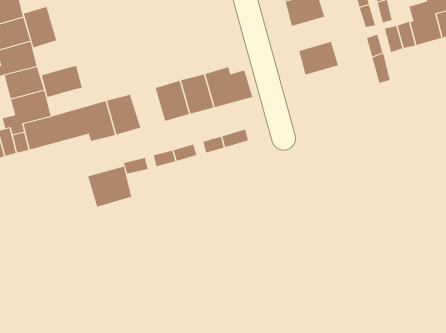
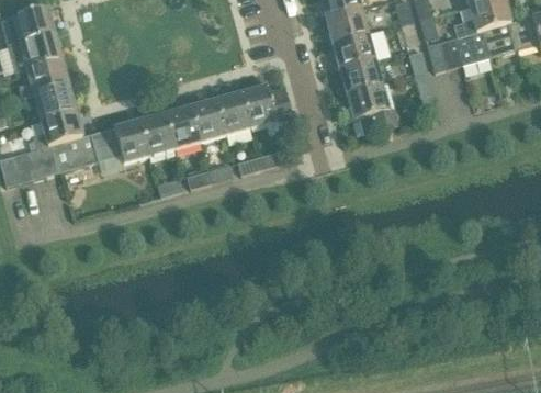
building: [23,6,57,48] -> none
building: none -> [331,30,386,68]
building: [41,65,82,98] -> none
building: none -> [346,83,398,134]
building: none -> [165,106,200,148]
building: [87,166,132,208] -> none

